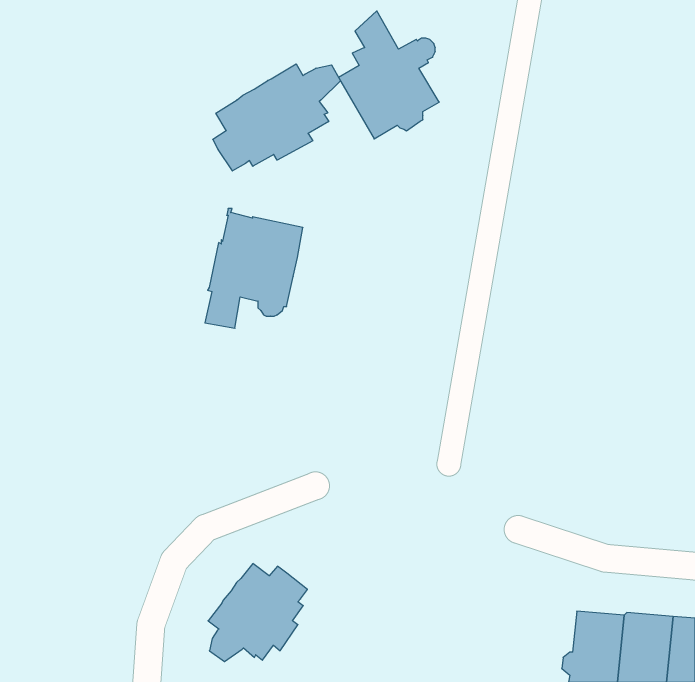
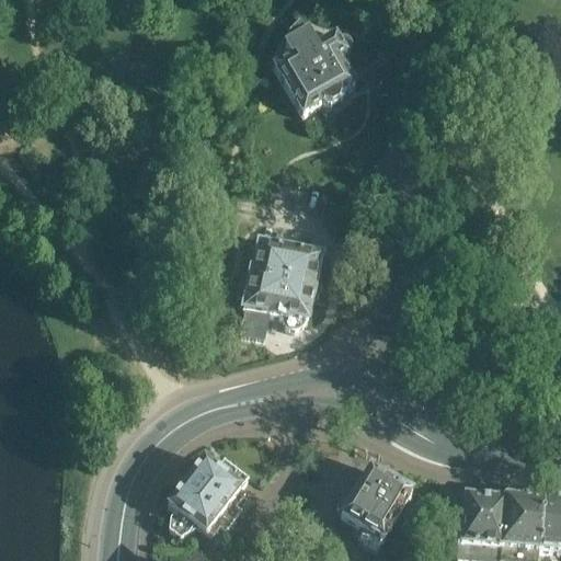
building: [213,64,340,171] -> none
building: [205,209,303,328] -> [240,239,319,335]
building: none -> [336,463,410,536]

